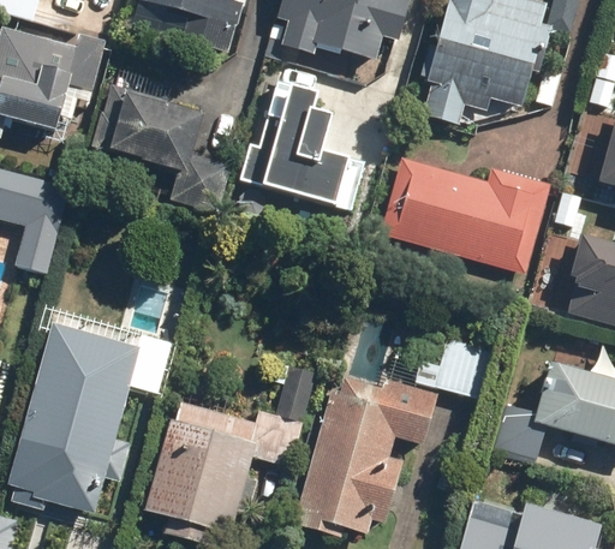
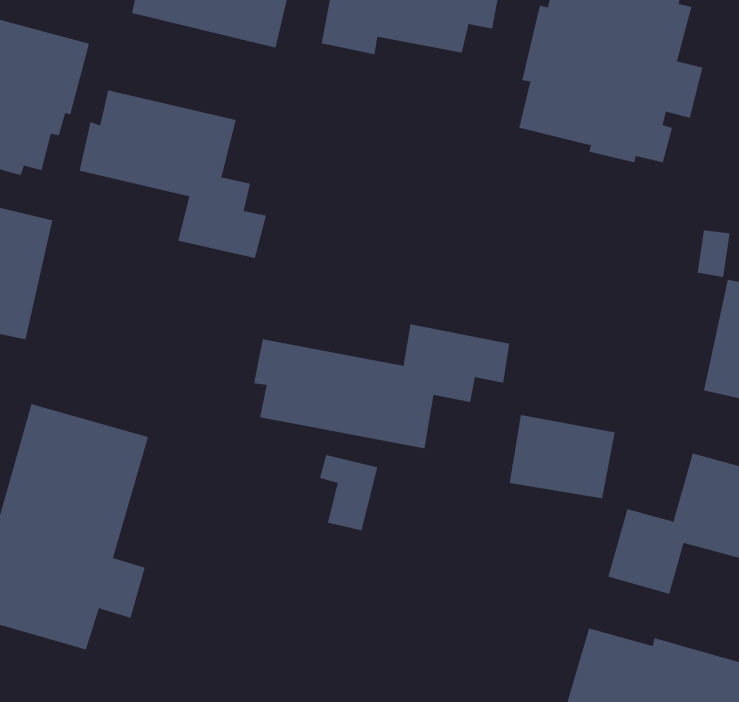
building: [235,77,366,208] -> none
building: [374,153,550,276] -> none
building: none -> [253,324,510,449]
building: [298,371,435,530] -> none
building: [145,419,258,535] -> none

